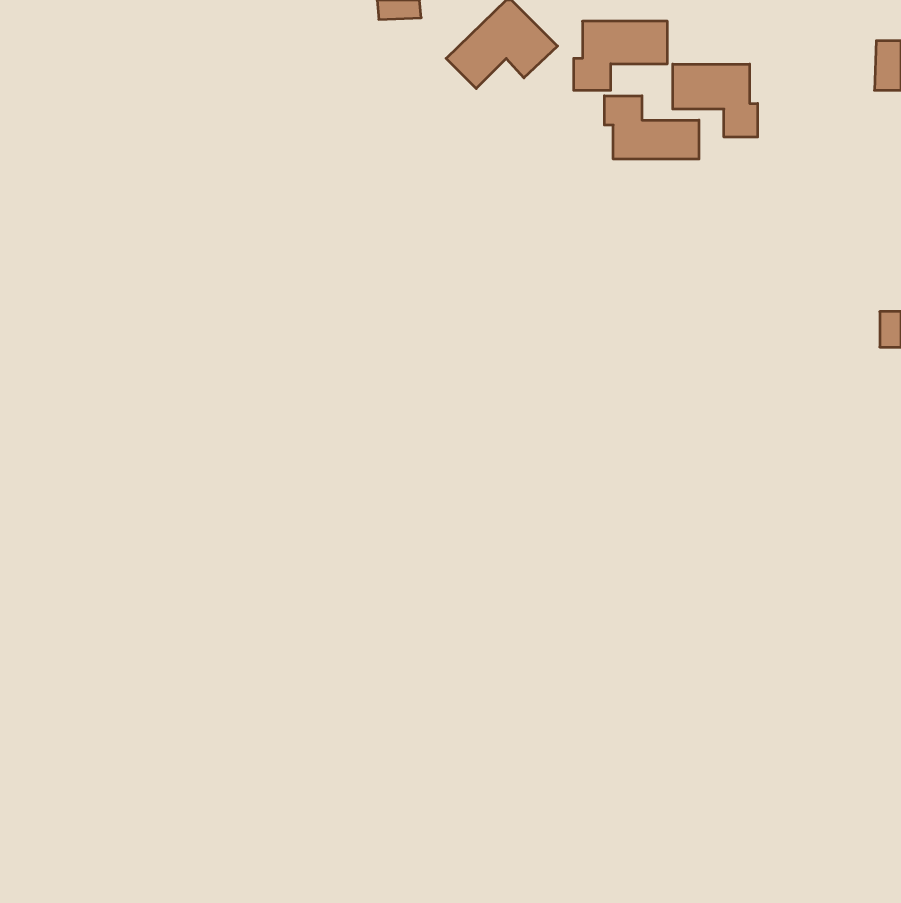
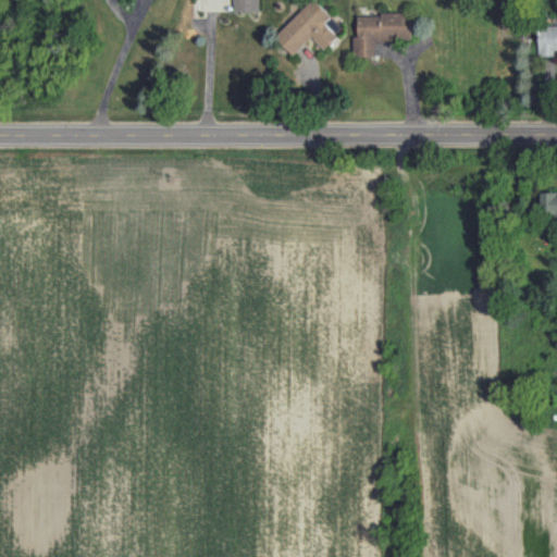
building: [673,64,758,137] -> none
building: [604,96,699,159] -> none

